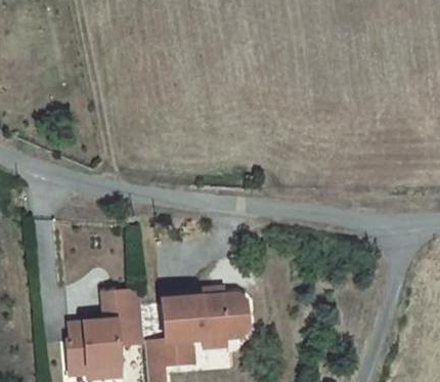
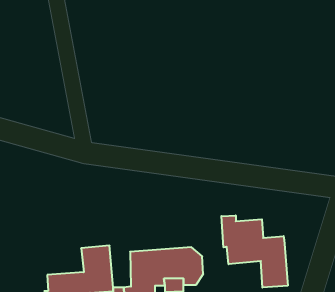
building: none -> [221,215,288,288]

